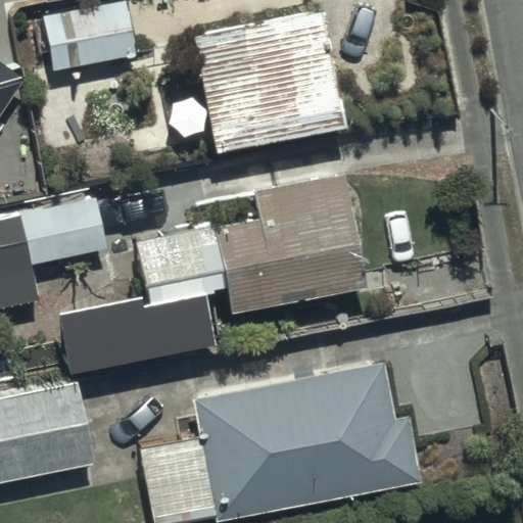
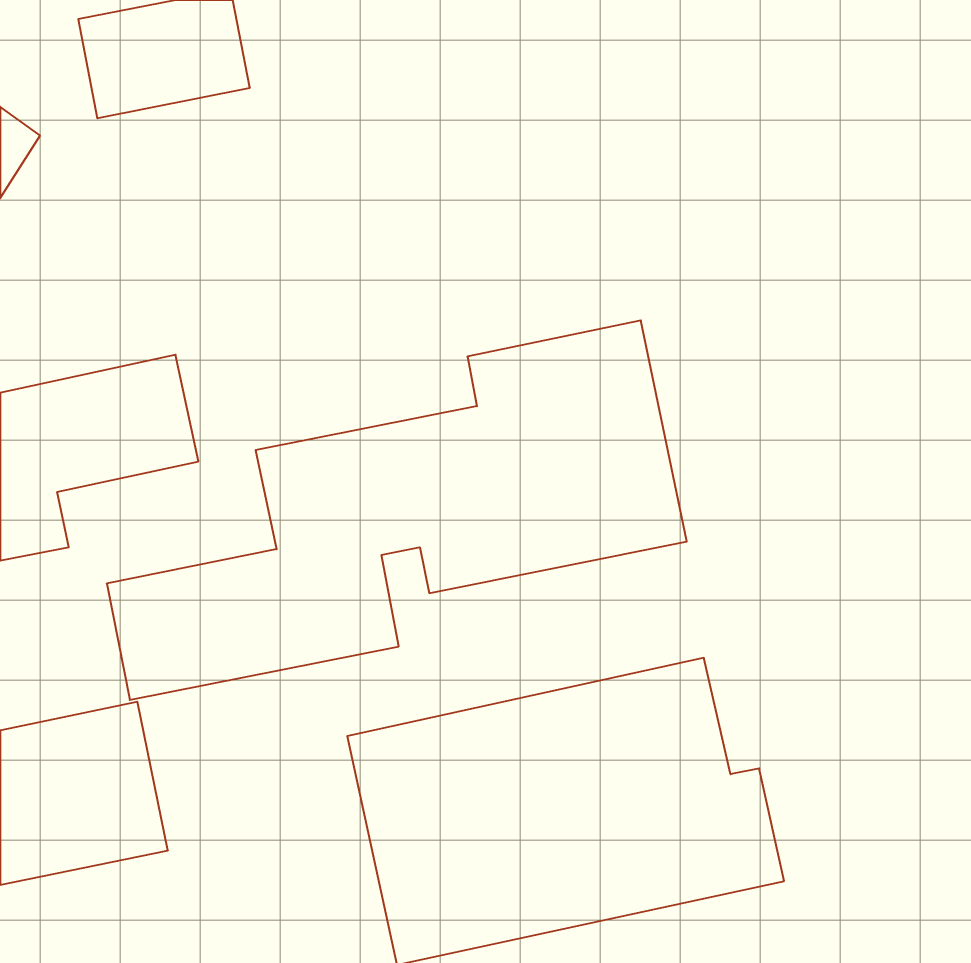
building: [189,10,341,151] -> none

